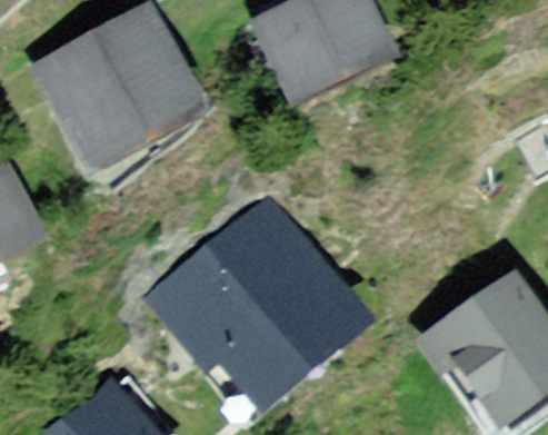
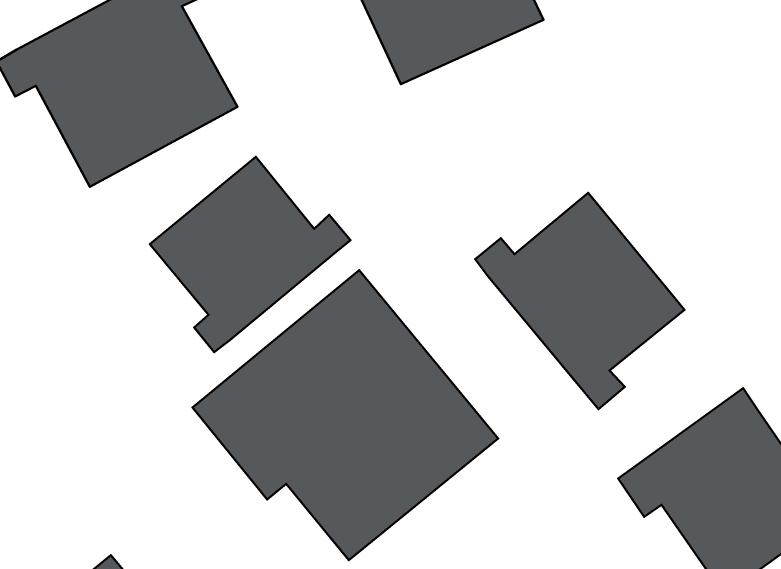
building: none -> [150,157,350,352]
building: none -> [475,193,684,409]

